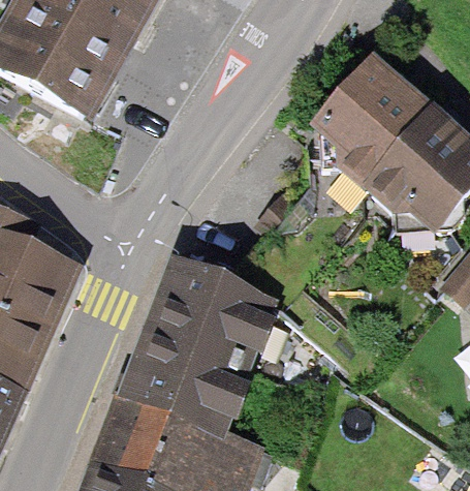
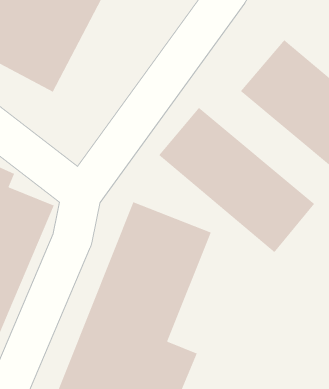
building: none -> [158,107,315,253]

